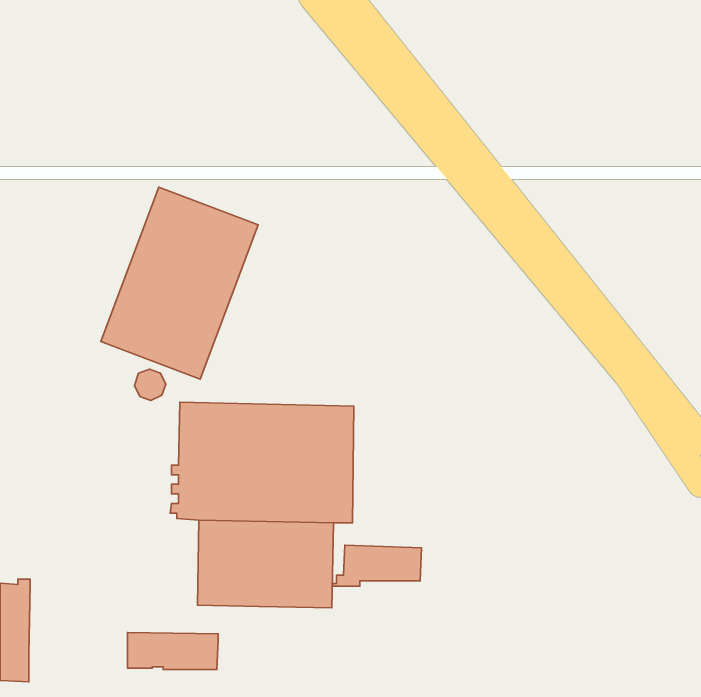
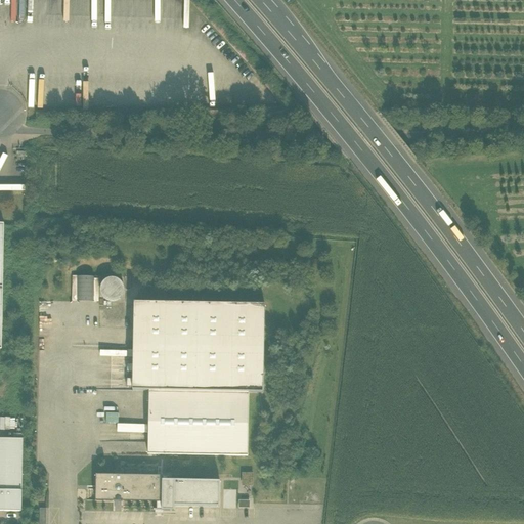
building: [101,187,258,379] -> none
building: none -> [77,274,94,299]
building: [332,545,422,586] -> [154,477,220,508]

